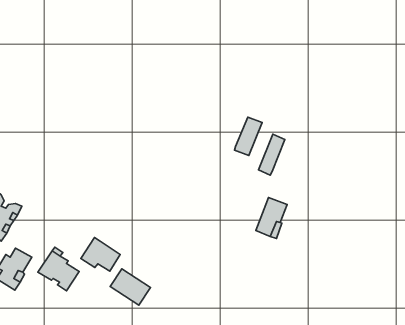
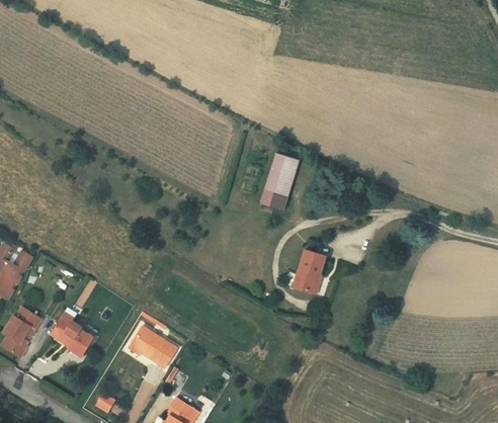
building: [258,134,285,175] -> none
building: [81,238,120,271] -> none

